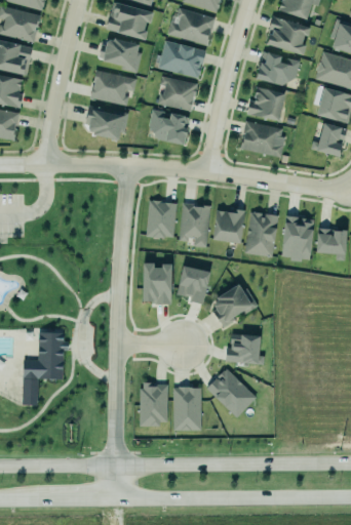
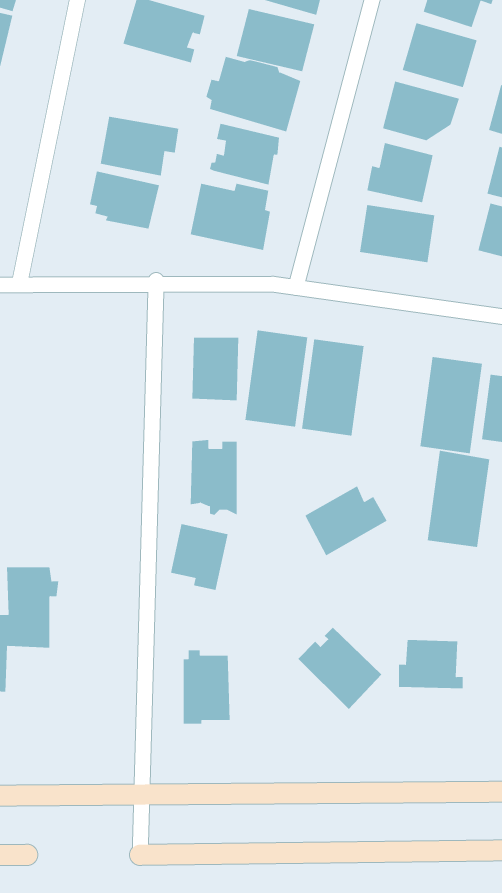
building: [98,38,142,73] -> none
building: [241,206,278,262] -> [427,450,490,547]
building: [178,266,211,305] -> [170,523,228,591]
building: [227,334,265,363] -> [398,639,463,689]
building: [173,387,202,431] -> none

